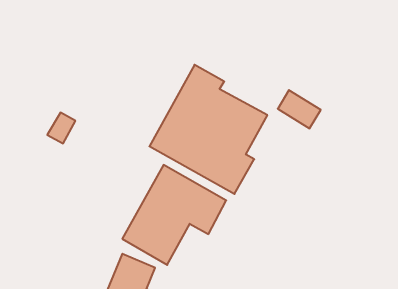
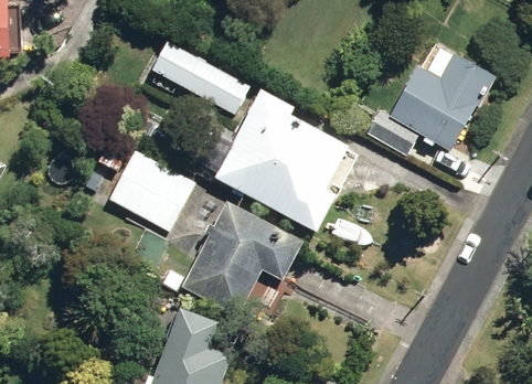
building: none -> [153,41,249,115]
building: none -> [389,51,494,151]
building: none -> [107,151,193,233]

